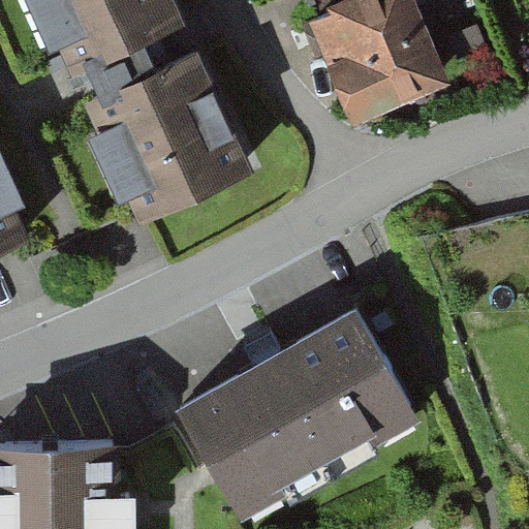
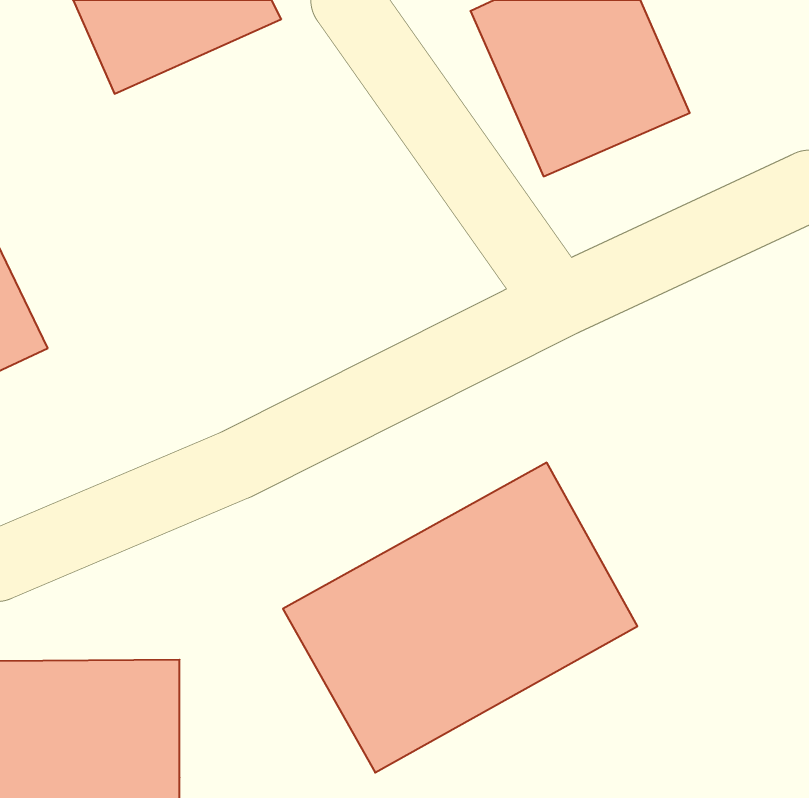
building: [86,46,252,219] -> none

